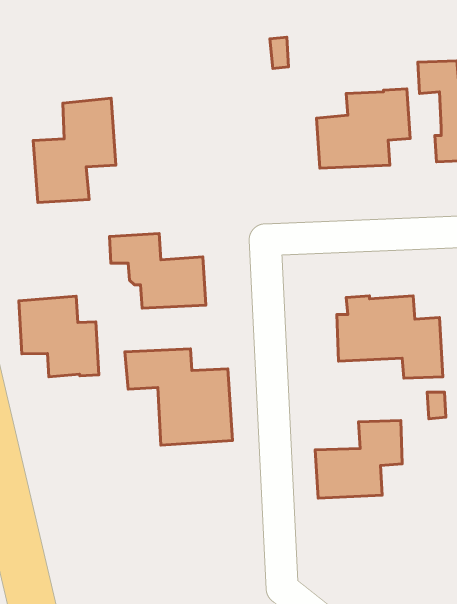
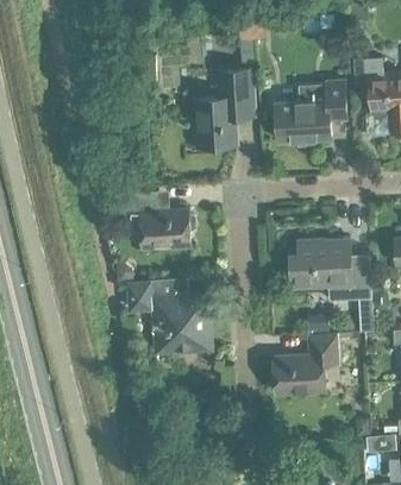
building: [33,98,116,203] -> [194,67,257,146]
building: [19,296,99,377] -> none

